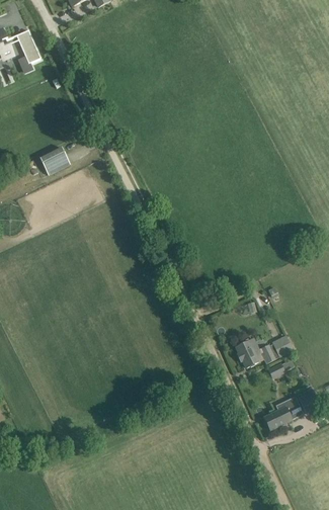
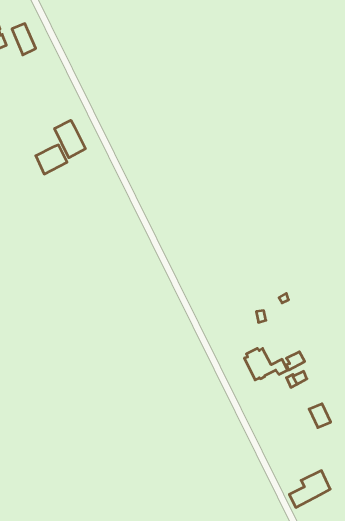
building: none -> [55,120,85,158]
building: [262,396,301,430] -> [289,471,330,507]

